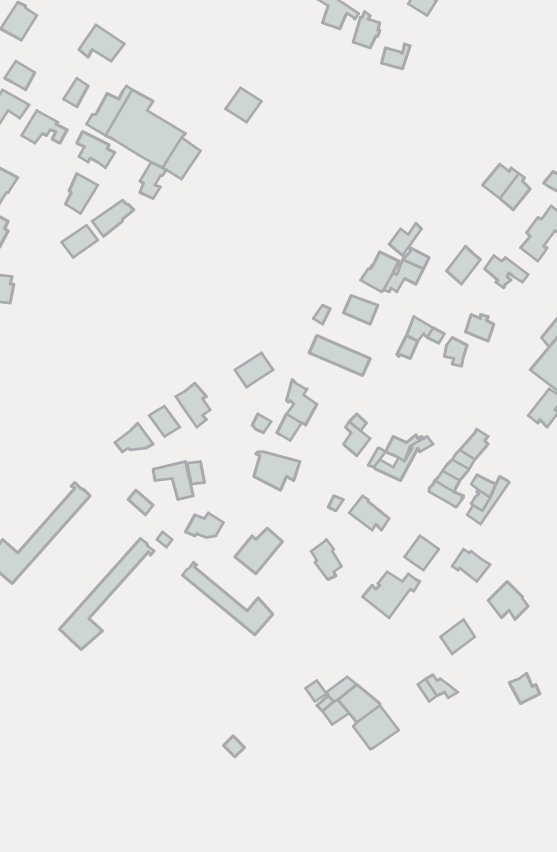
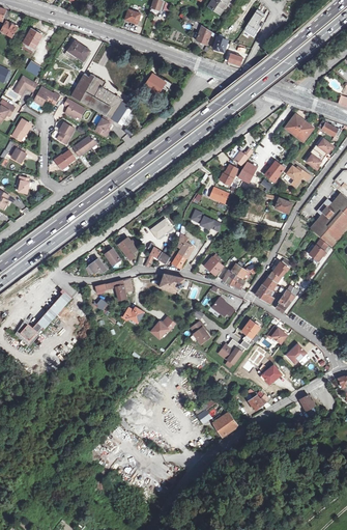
building: [59,538,154,650] -> none
building: [183,562,273,635] -> none

